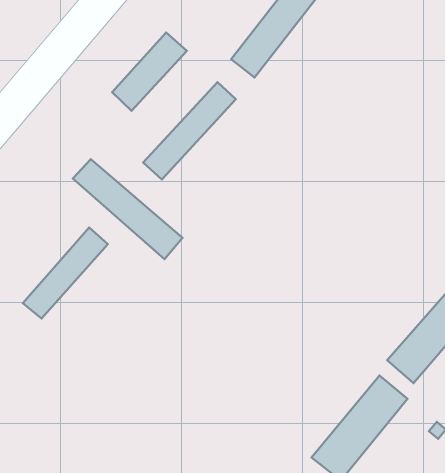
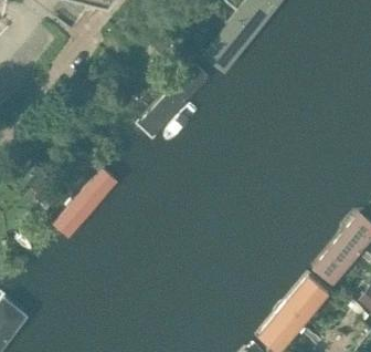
building: [112,33,187,111] -> none
building: [73,159,182,259] -> none

